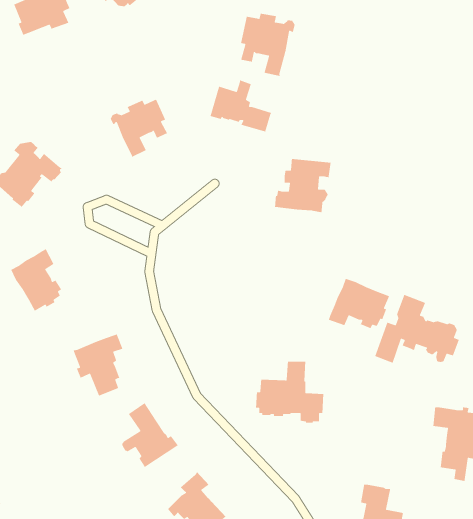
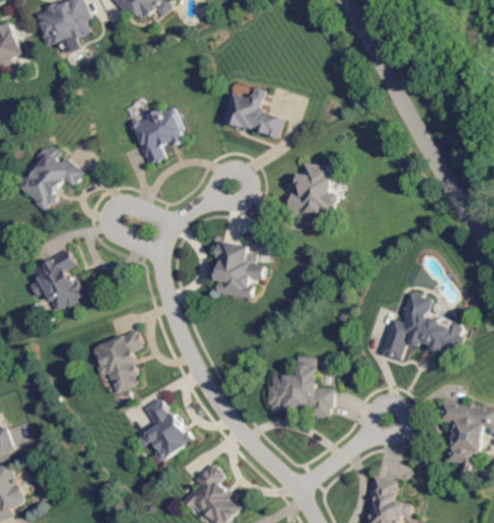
building: [240,13,296,77] -> none
building: none -> [213,240,263,298]
building: [328,278,390,329] -> none

